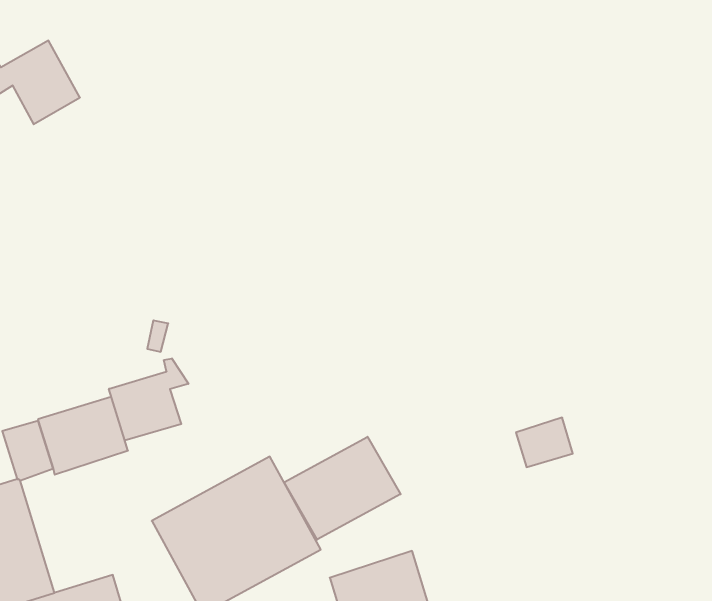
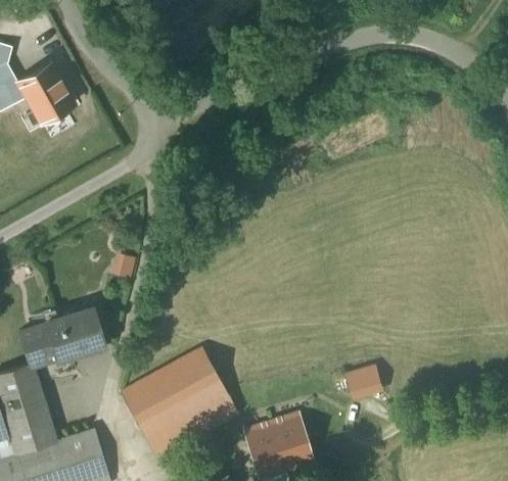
building: [109,358,188,440] -> none
building: [516,418,573,467] -> [345,366,384,399]
building: [284,437,401,540] -> none

